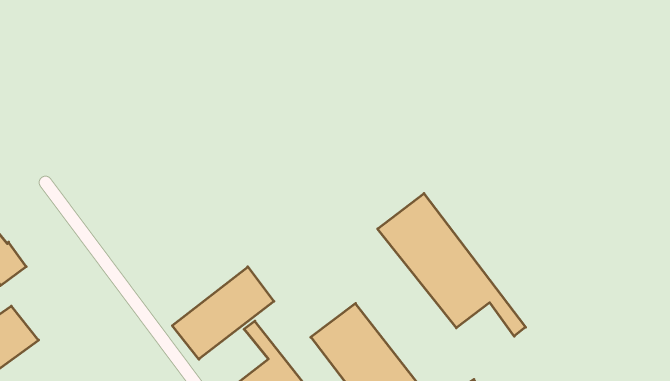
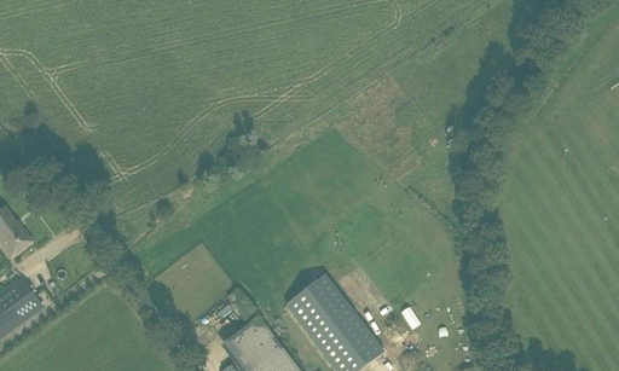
building: [378,193,526,336] -> none
building: [172,267,274,359] -> none

